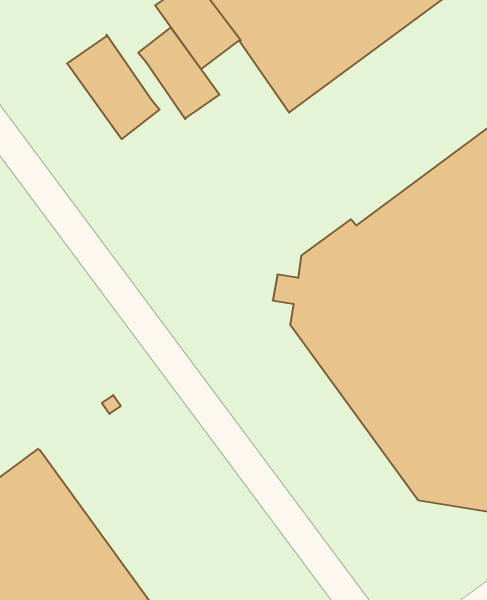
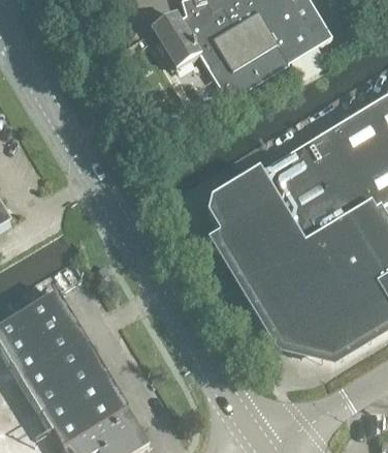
building: [138,27,219,119] -> none
building: [67,35,160,139] -> none

